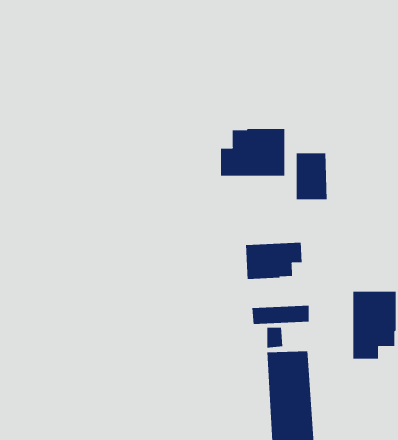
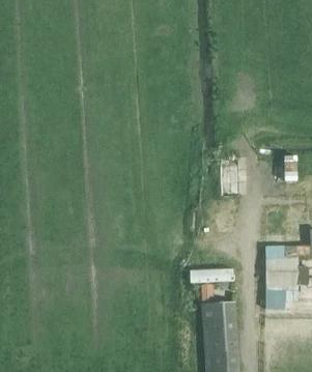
building: [220,128,285,176] -> none
building: [245,242,302,280] -> none

